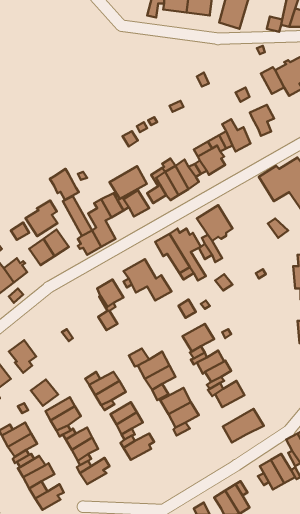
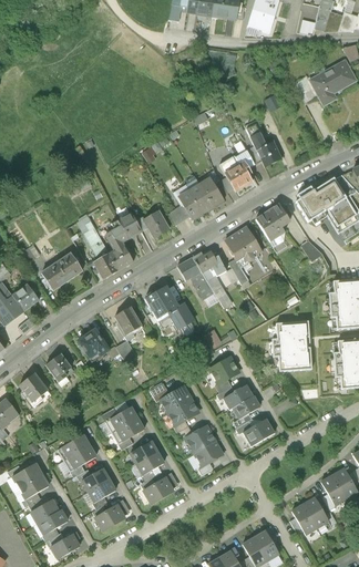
building: [250,105,274,136] -> none
building: [110,166,147,199] -> none
building: [50,169,79,200] -> none
building: none -> [255,202,291,241]
building: [25,200,57,236] -> none
building: none -> [271,319,311,370]
building: none -> [75,327,111,359]
building: [31,379,58,406] -> [44,353,74,382]
building: [223,409,264,443] -> none

